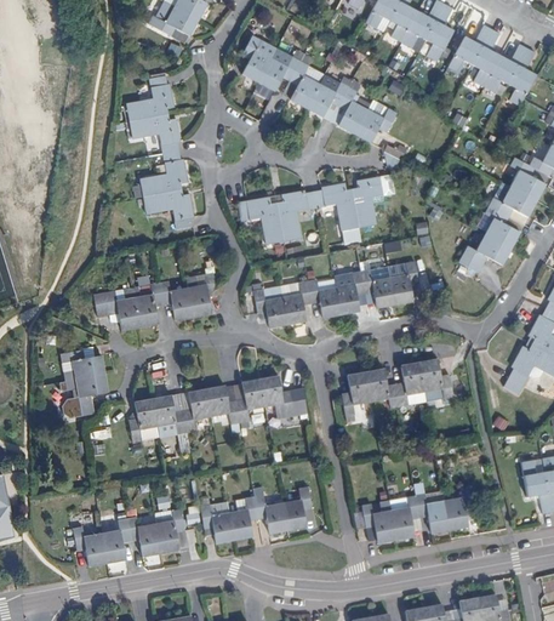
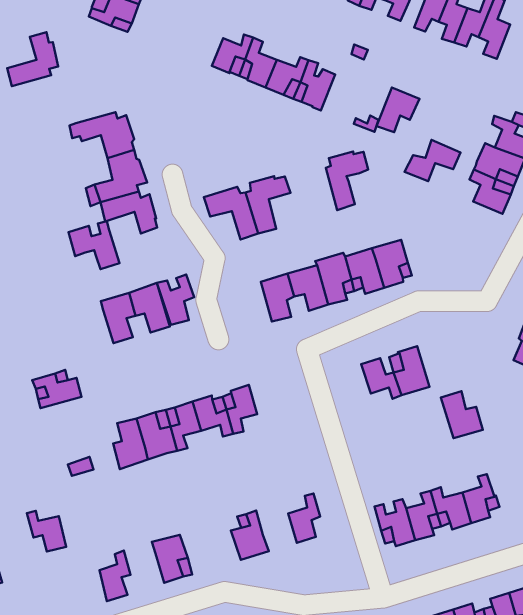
building: [241,36,276,82] -> none
building: [125,75,172,121] -> [7,32,58,86]
building: [354,101,396,142] -> [376,88,419,132]
building: [314,182,359,232] -> none
building: [457,234,510,272] -> [405,140,460,181]
building: [252,284,287,327] -> none
building: [96,287,139,331] -> [69,221,119,269]
building: [418,358,453,400] -> [441,391,483,438]
building: [341,372,371,416] -> none
building: [65,374,108,408] -> none
building: [259,377,295,418] -> none
building: [253,495,287,534] -> none
building: [200,501,234,543] -> none
building: [127,518,161,557] -> none
building: [74,528,107,566] -> [27,511,66,552]

